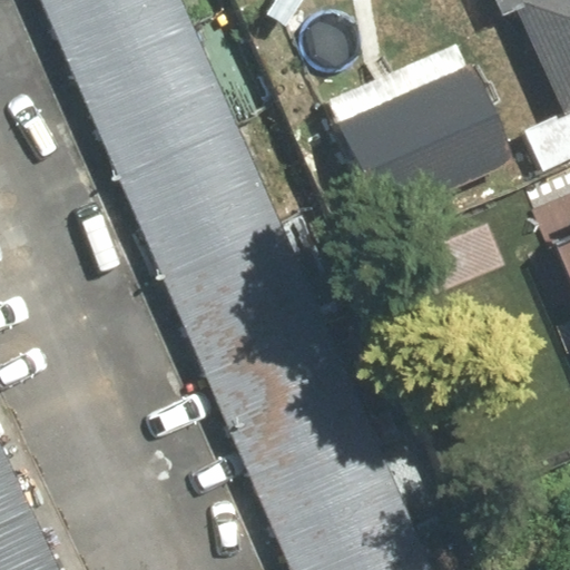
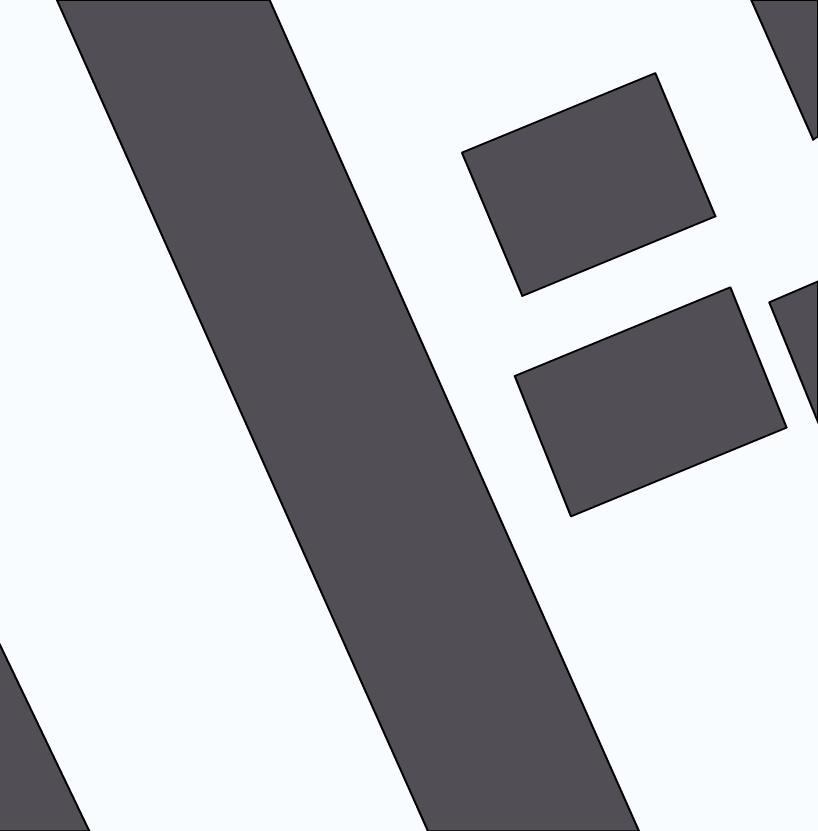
building: none -> [515,287,787,516]

